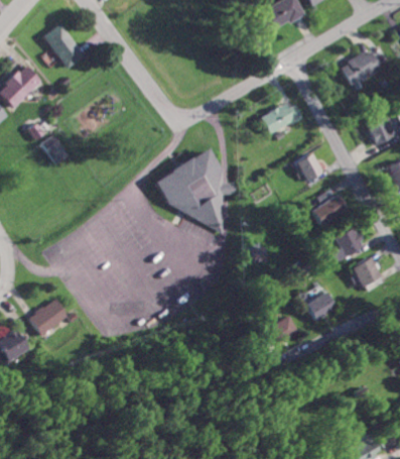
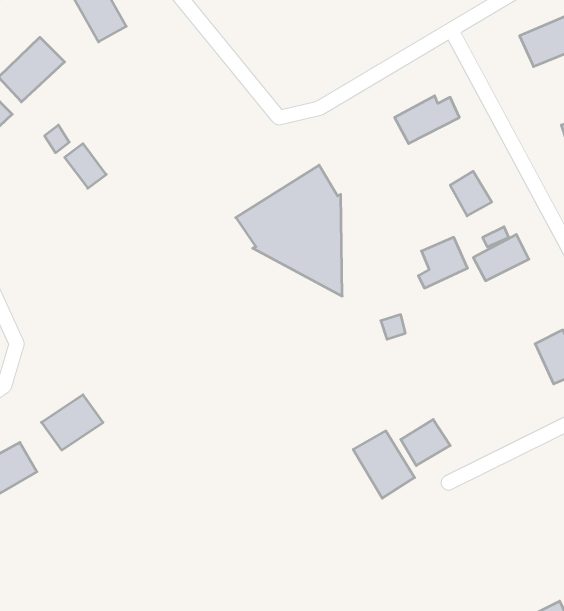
building: [328,227,361,260] -> [418,237,468,288]
building: [302,292,332,321] -> none
building: none -> [353,431,415,498]

